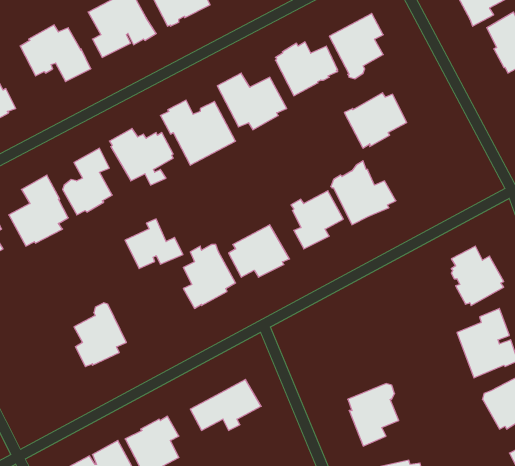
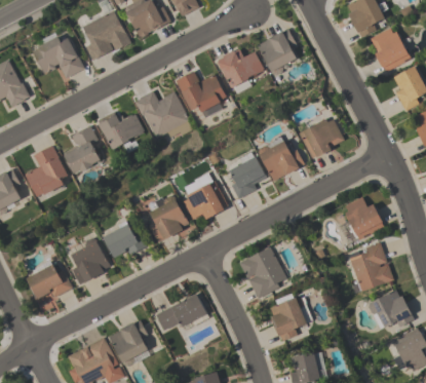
building: [344,93,407,148] -> [299,119,344,159]
building: [125,219,183,269] -> [105,222,147,258]
building: none -> [239,247,286,299]
building: none -> [28,260,73,299]

